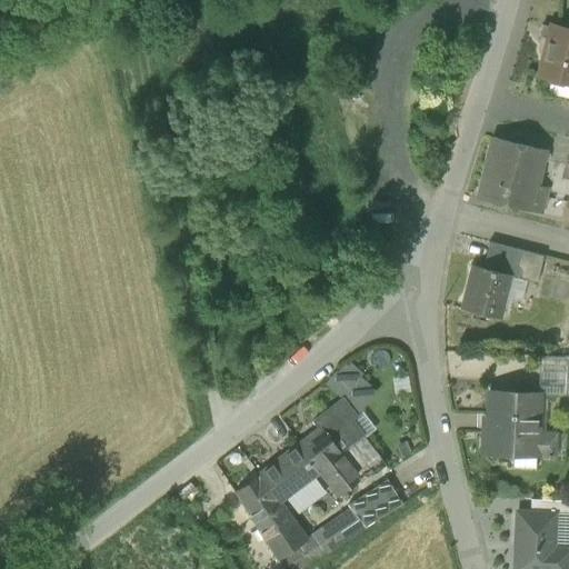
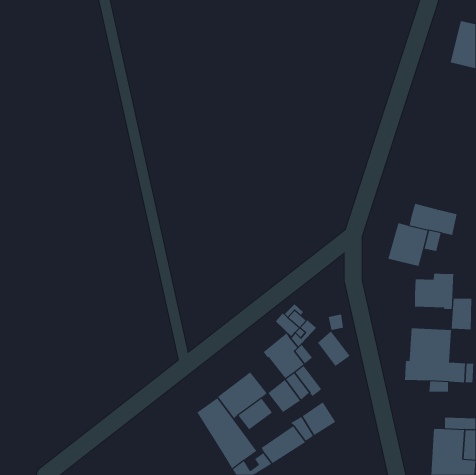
building: [477,138,548,213] -> none
building: none -> [414,273,454,310]
building: none -> [317,331,350,367]
building: [299,427,340,469] -> none

